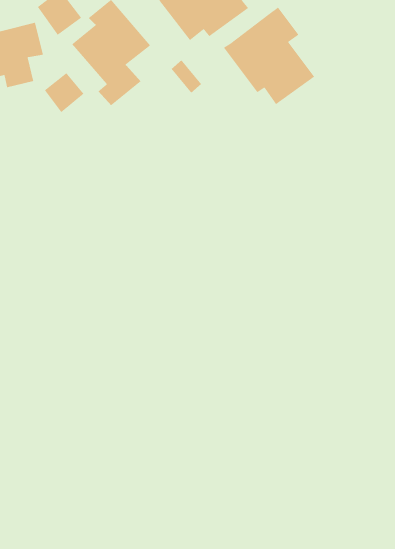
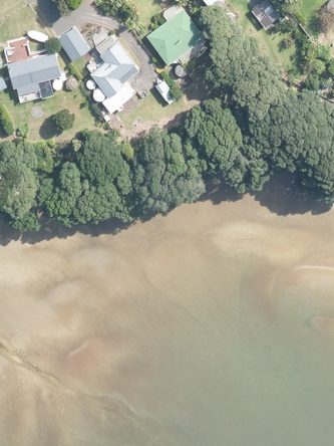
building: [223,7,315,105] -> none
building: [44,72,85,113] -> none

